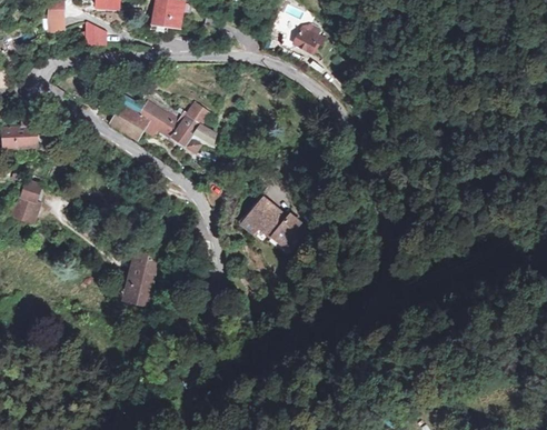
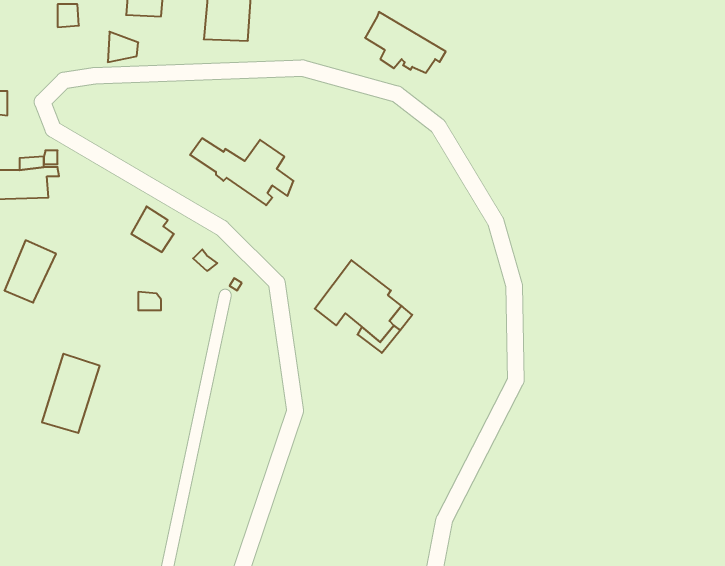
building: [113,103,145,137] -> [131,206,174,252]
building: [115,250,157,308] -> [42,354,100,433]

